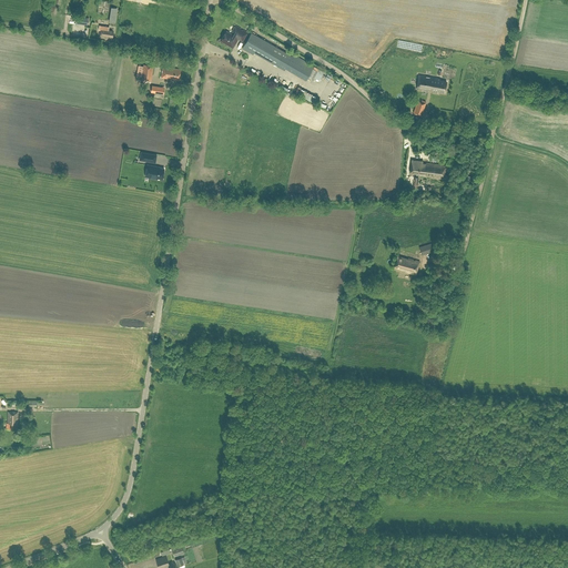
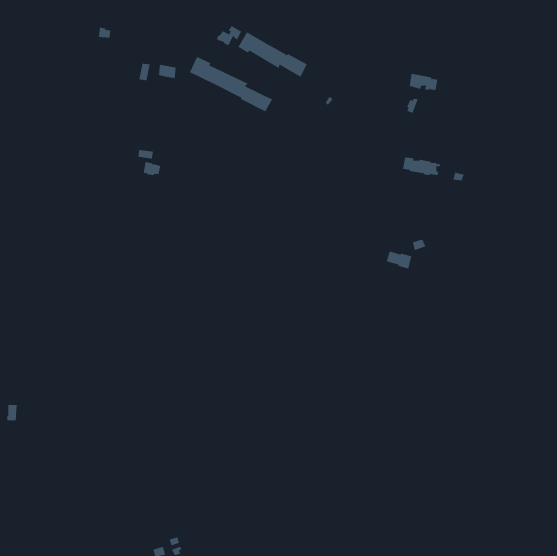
building: none -> [189,56,273,112]

